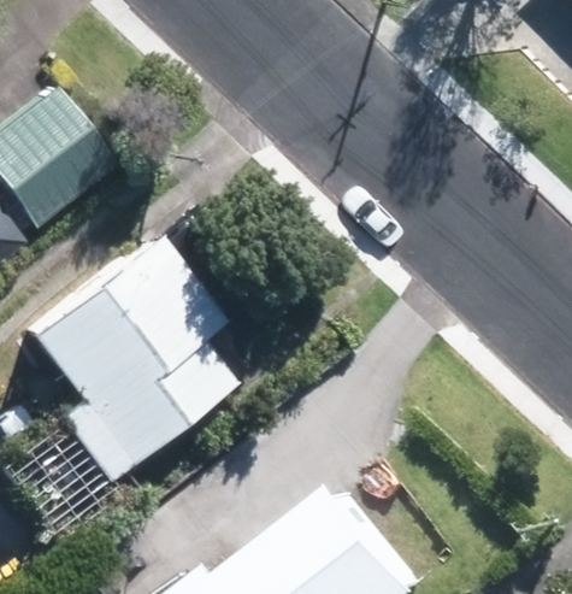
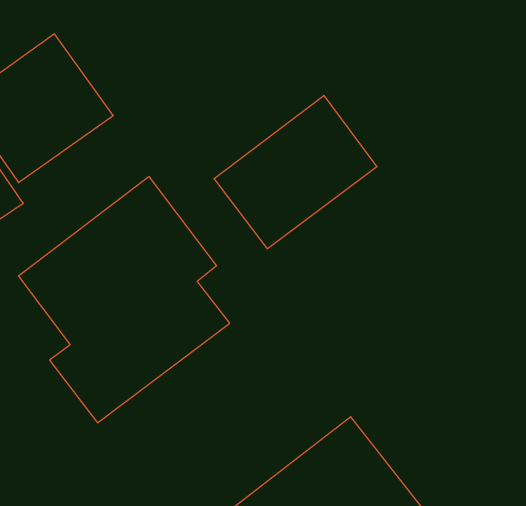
building: none -> [214,95,377,249]

